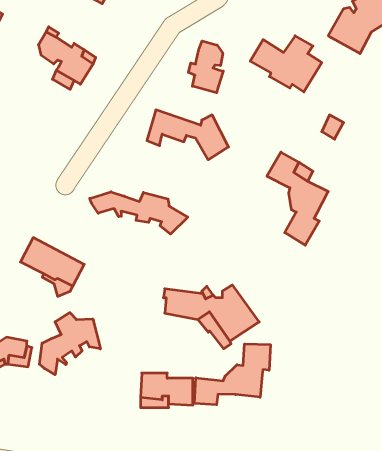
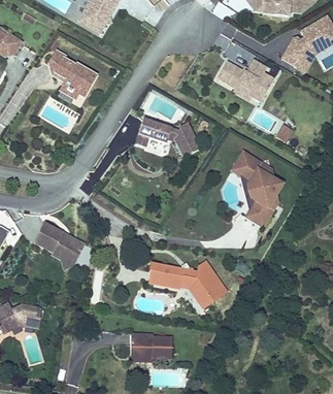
building: [188,41,223,93] -> none
building: [90,192,188,234] -> none
building: [39,313,100,375] -> none
building: [195,344,270,405] -> none

